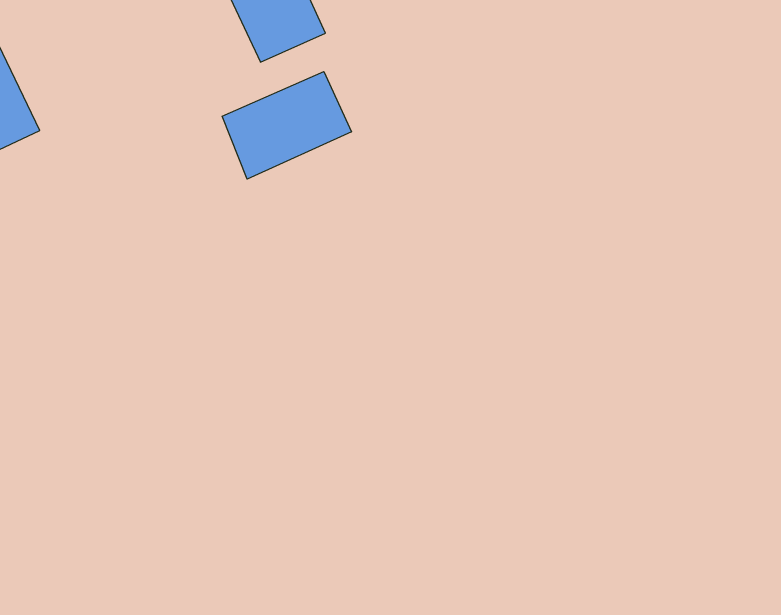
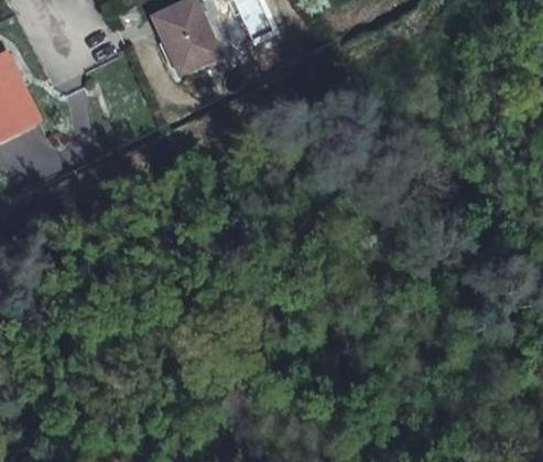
building: [222,72,351,179] -> none

